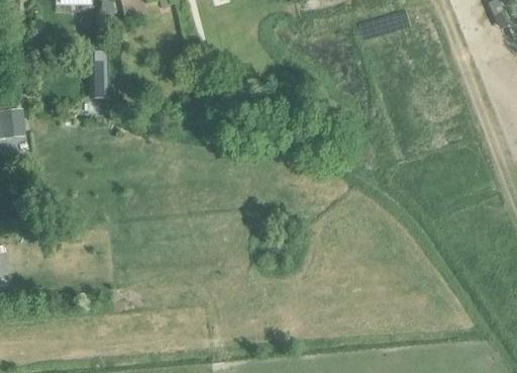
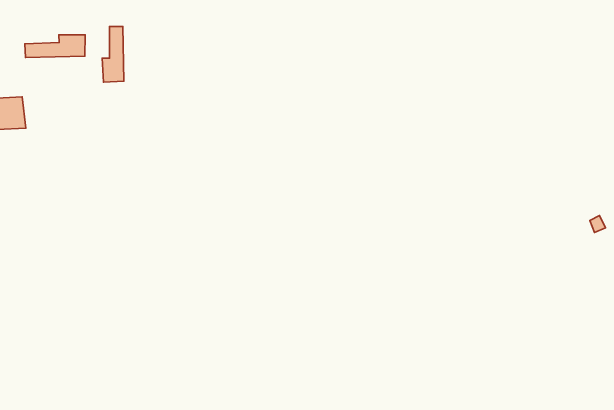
building: none -> [25,35,85,58]

